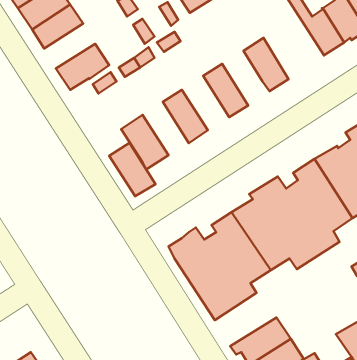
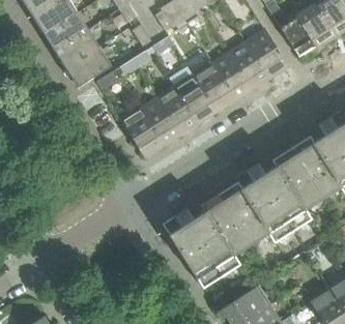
building: none -> [54,29,98,68]
building: none -> [246,29,287,78]
building: none -> [209,53,251,100]
building: none -> [174,75,215,122]
building: [109,143,155,196] -> [140,97,180,144]

